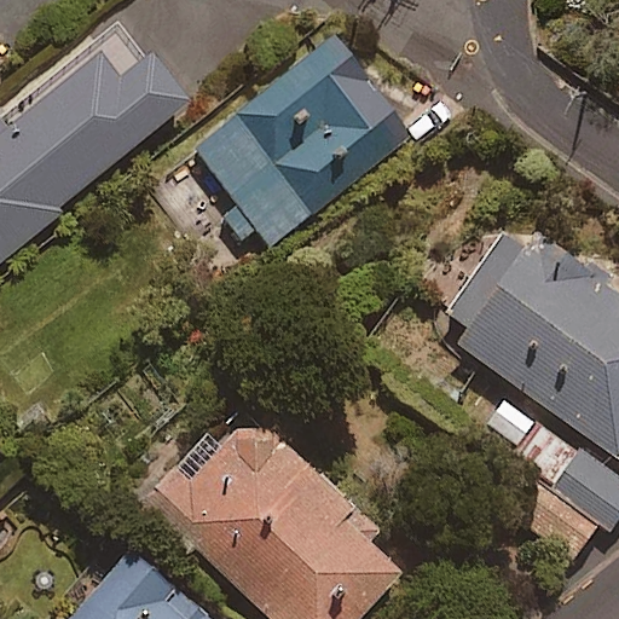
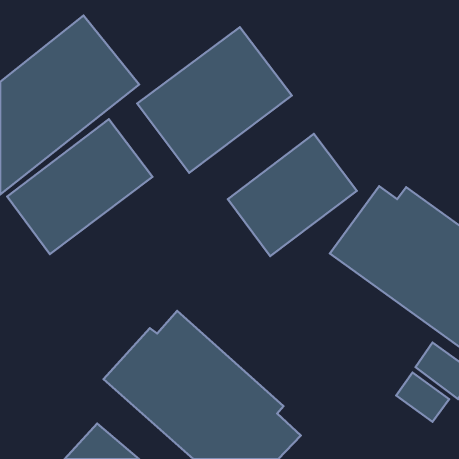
building: none -> [7,119,153,254]
building: none -> [228,134,357,256]

